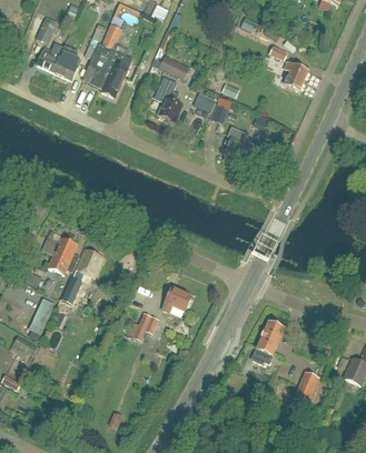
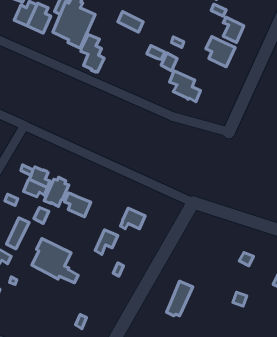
building: [155,77,182,121] -> [81,34,104,72]
building: none -> [206,37,235,67]
building: none -> [65,193,91,217]
building: [253,321,284,362] -> [166,281,193,316]
building: none -> [32,238,78,283]

